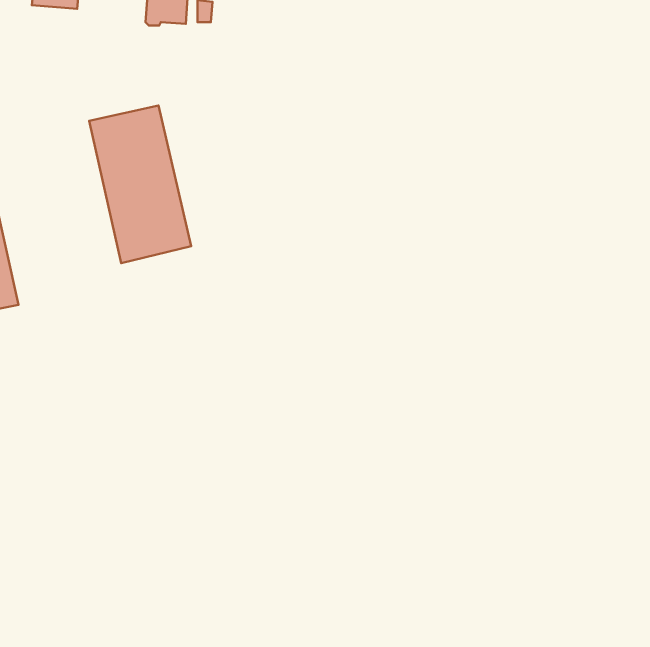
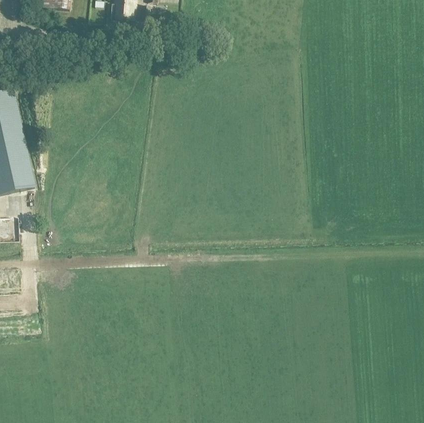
building: [89,106,191,263] -> none

